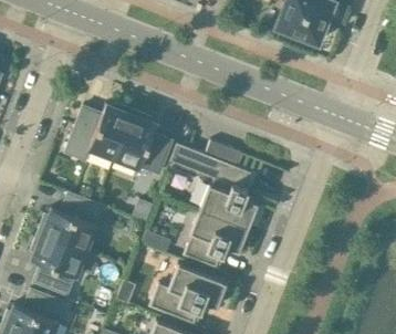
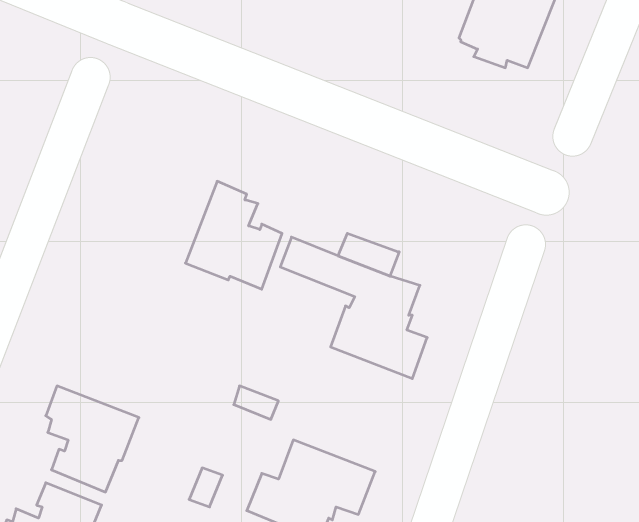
building: [65,105,133,161] -> none
building: [38,195,102,252] -> none
building: [185,210,249,269] -> none

